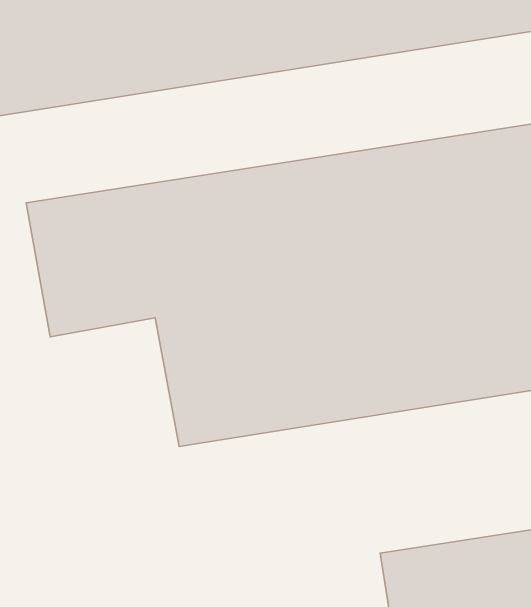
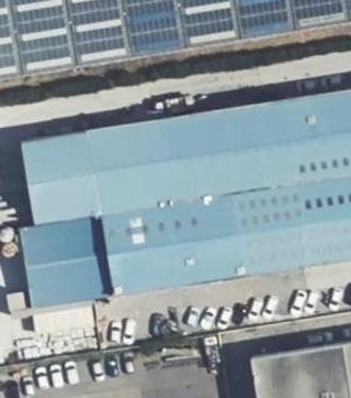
building: none -> [19,208,120,308]

